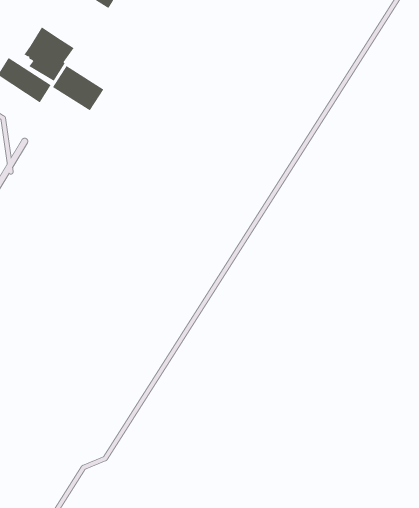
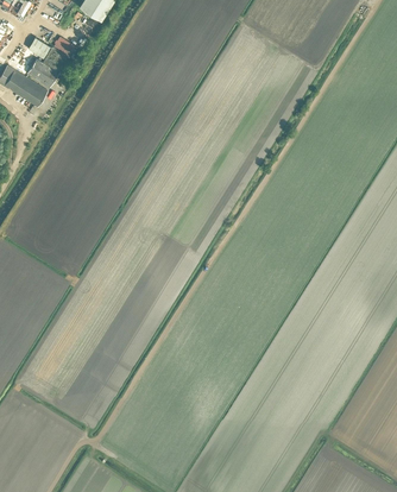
building: [52,65,104,111] -> none

